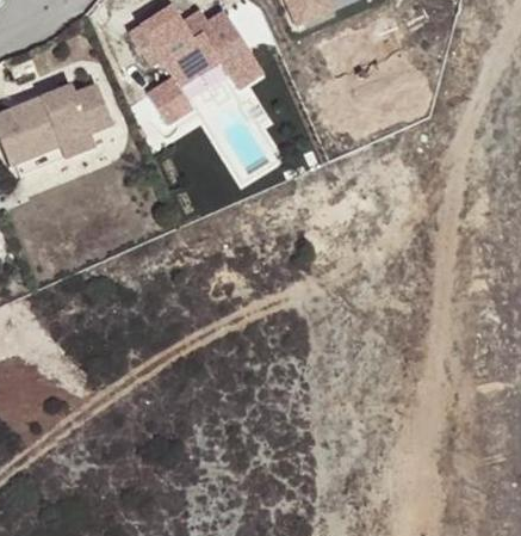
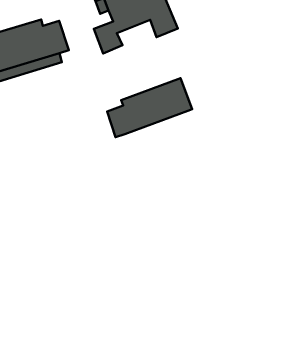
building: none -> [107,78,192,137]

